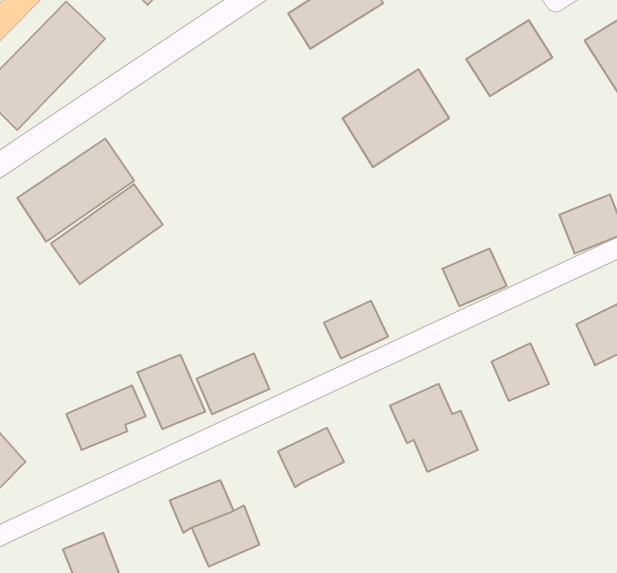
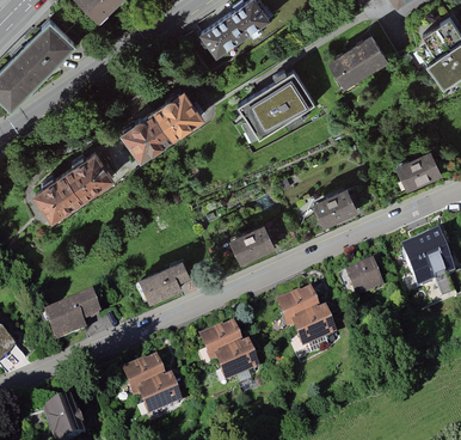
building: [17,139,134,242] -> [124,85,207,158]
building: [137,355,205,429] -> none
building: none -> [215,342,260,384]

